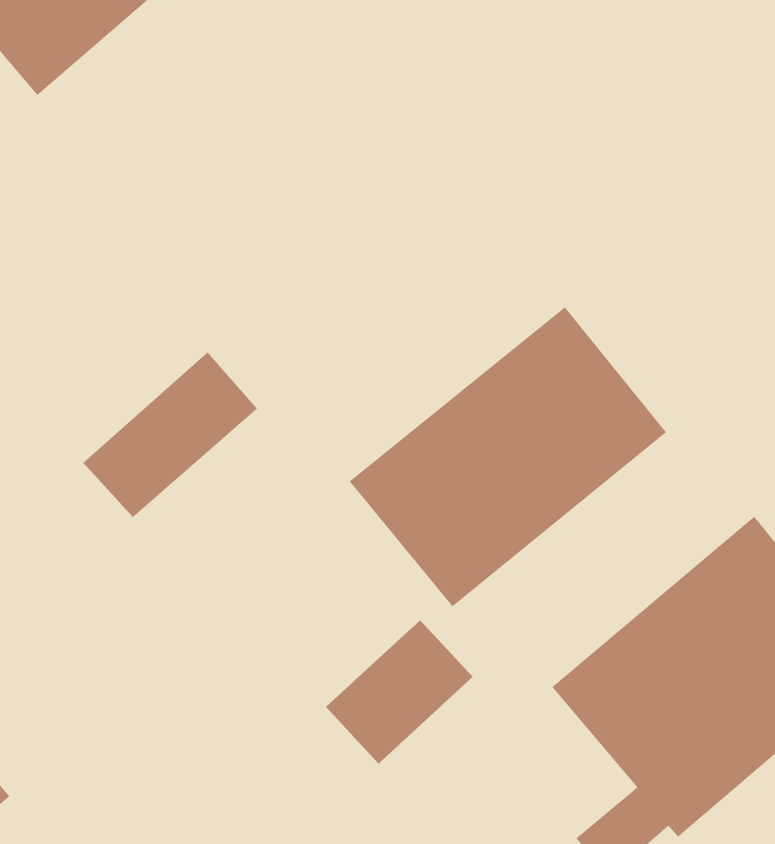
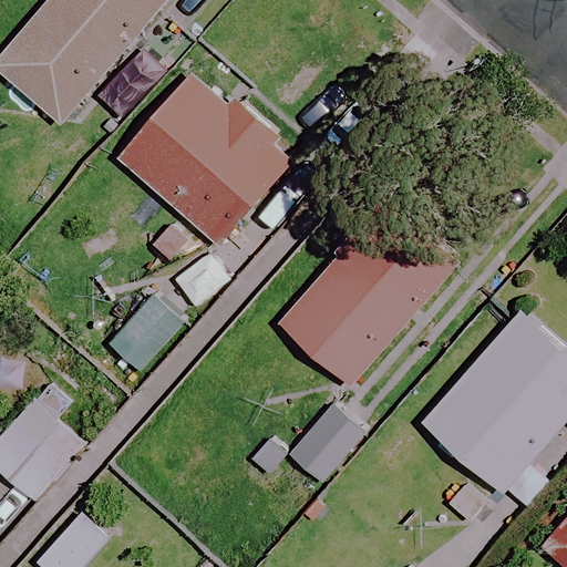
building: none -> [117,73,301,265]

